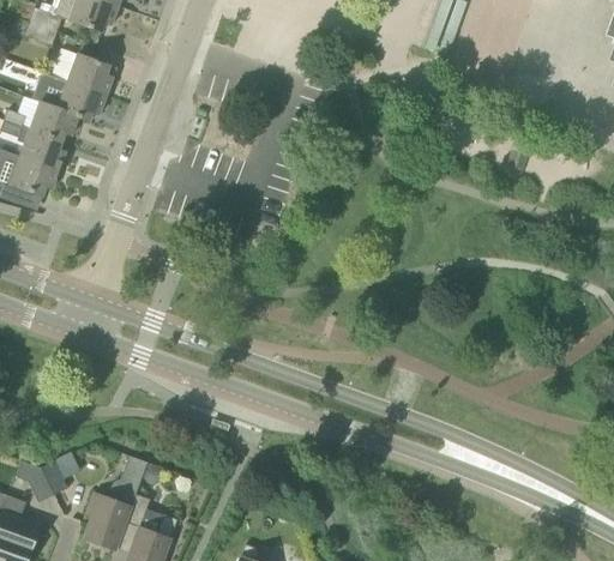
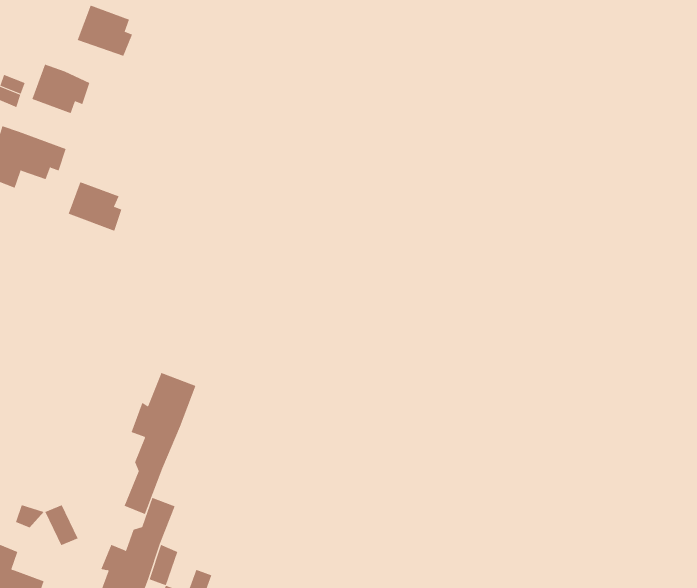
building: [56,83,104,122] -> none
building: [19,131,64,171] -> [68,182,122,231]
building: none -> [124,372,196,515]

